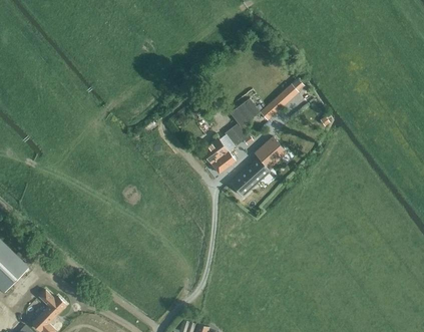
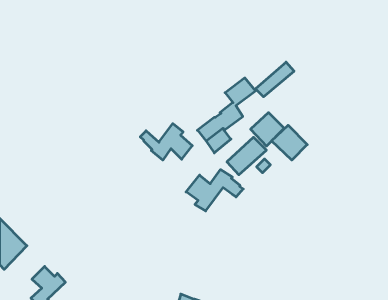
building: none -> [140,124,192,160]
building: none -> [272,125,307,160]
building: none -> [186,170,243,211]

